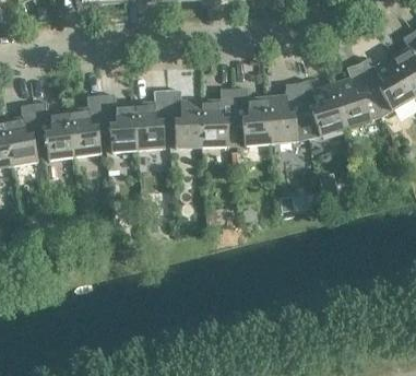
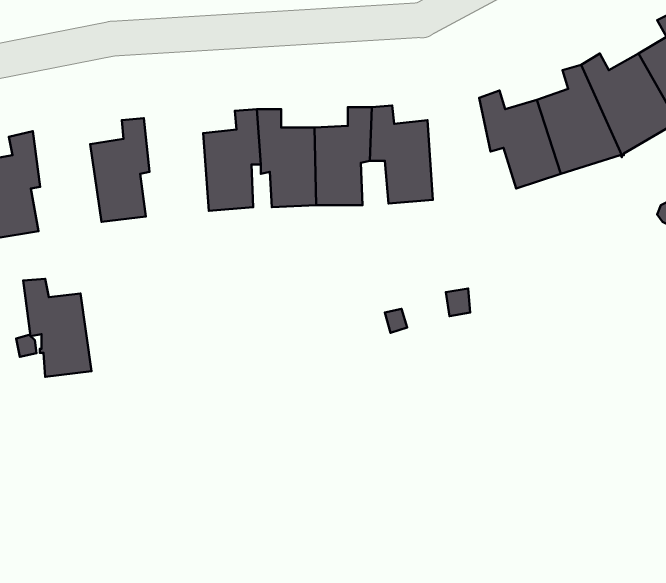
building: [266,83,308,143] -> none
building: [99,94,138,152] -> none
building: [34,102,74,160] -> [23,279,92,377]

